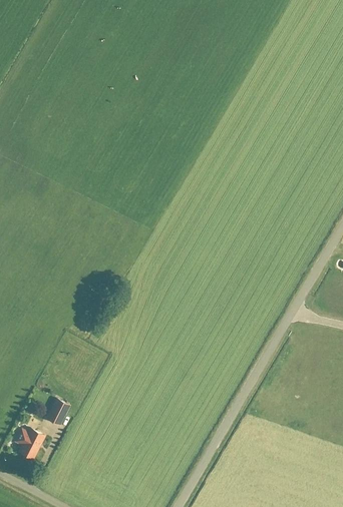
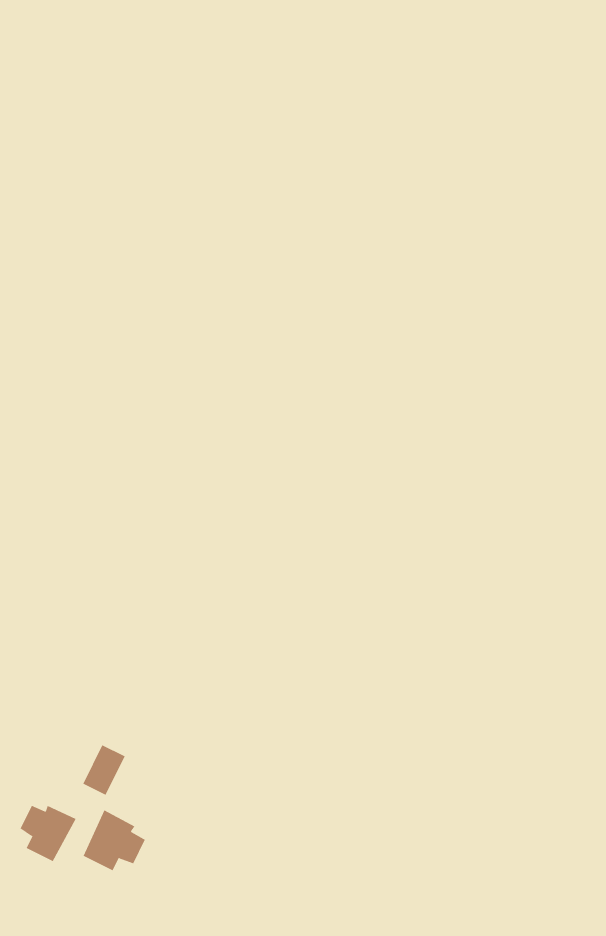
building: none -> [83,810,146,871]

